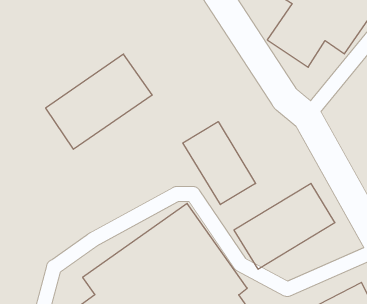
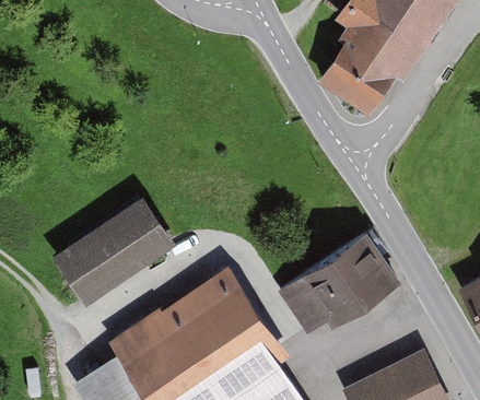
building: [46,54,152,149] -> [50,197,173,306]
building: [183,122,256,205] -> none

